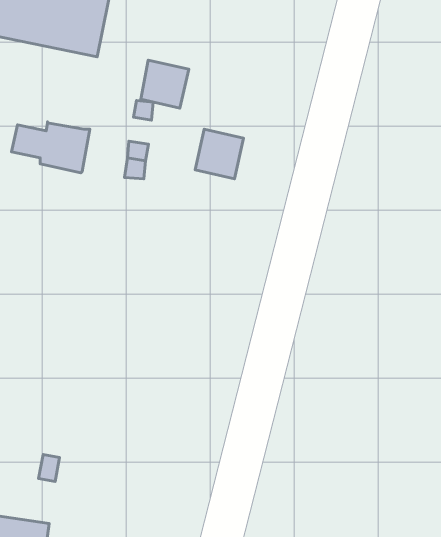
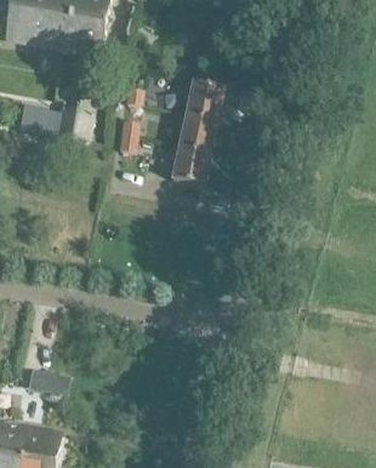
building: [141,60,189,108] -> [184,80,223,119]
building: none -> [170,144,209,186]

